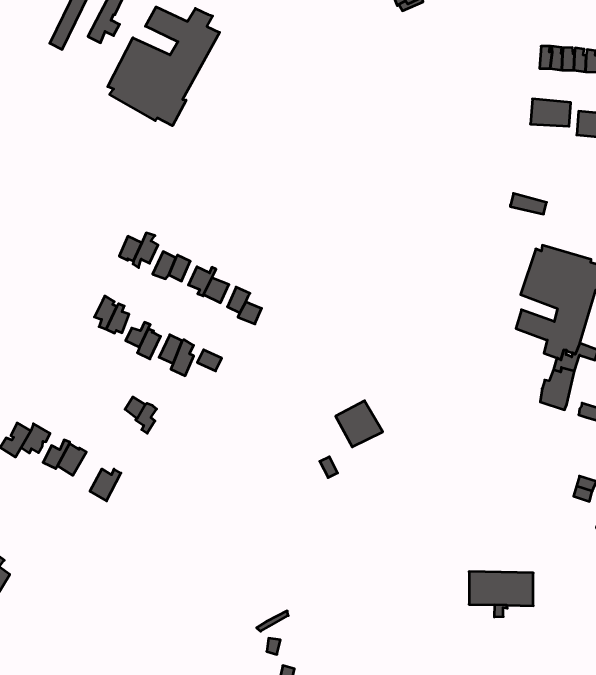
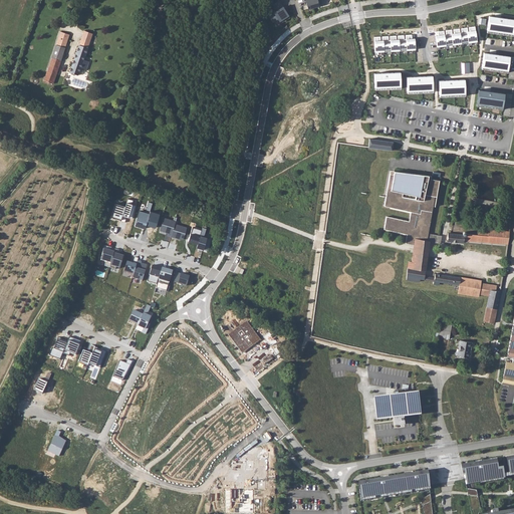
building: [108,7,220,126] -> none
building: [336,401,383,447] -> [228,320,261,352]

